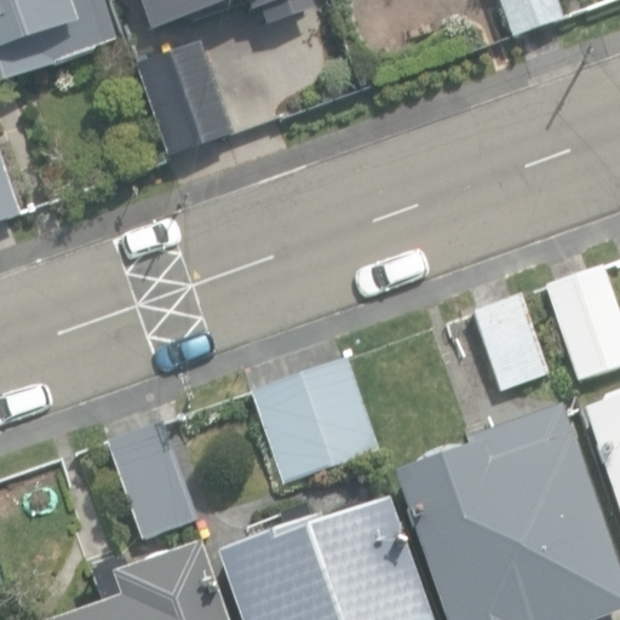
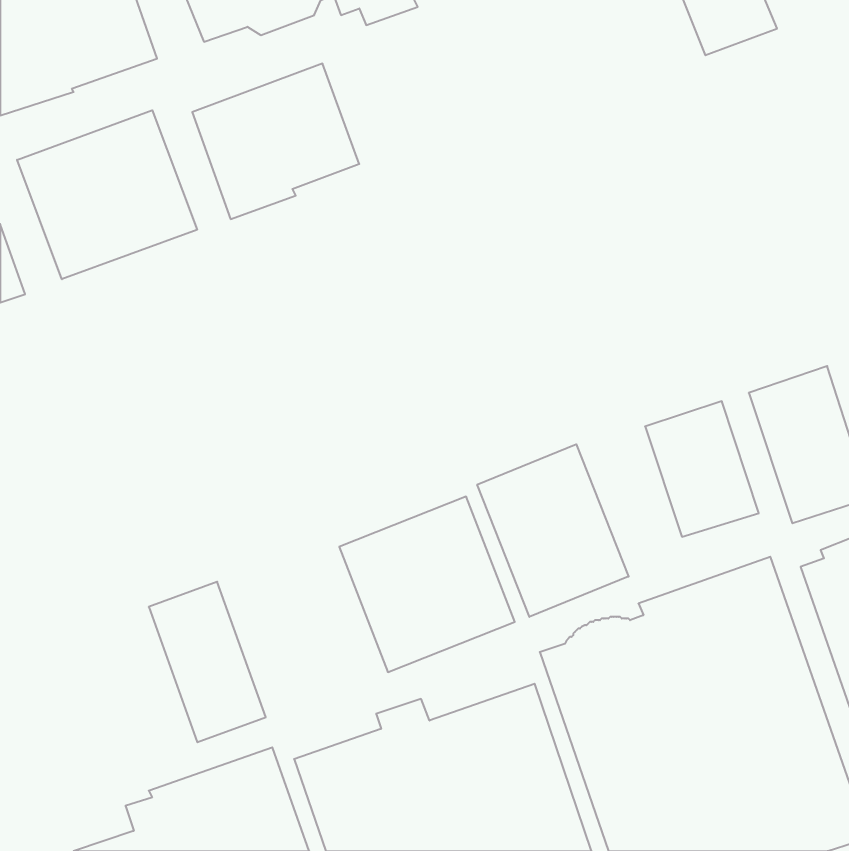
building: none -> [17,110,197,279]
building: none -> [477,444,629,617]

